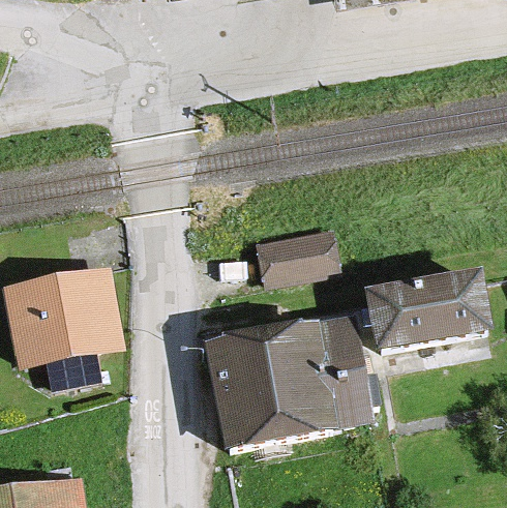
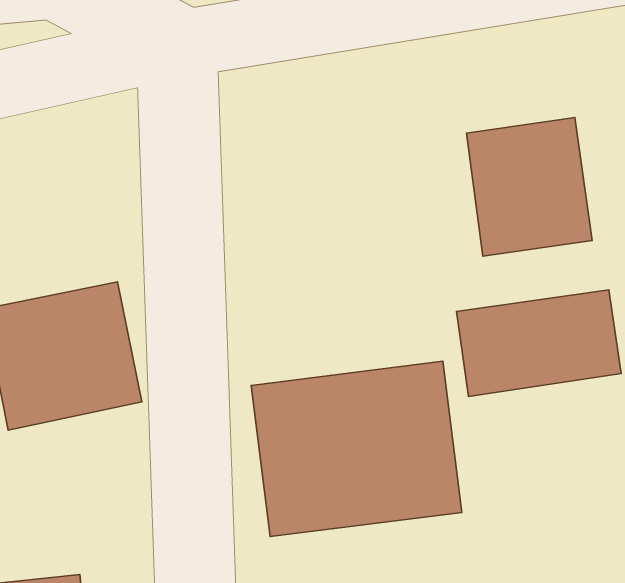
building: none -> [467,118,592,256]
building: [252,227,345,287] -> none

